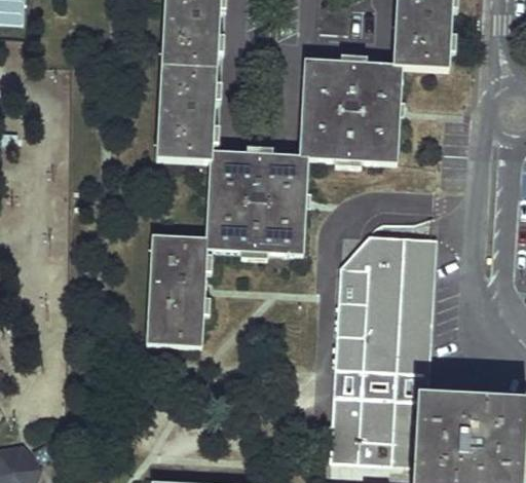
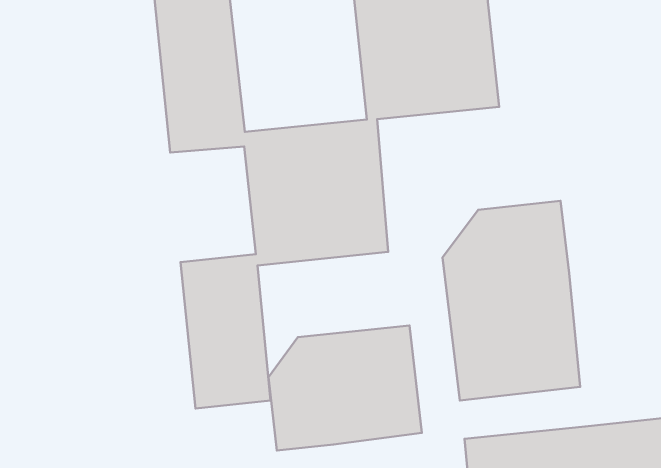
building: none -> [268,326,422,450]
building: [334,368,422,401] -> none

